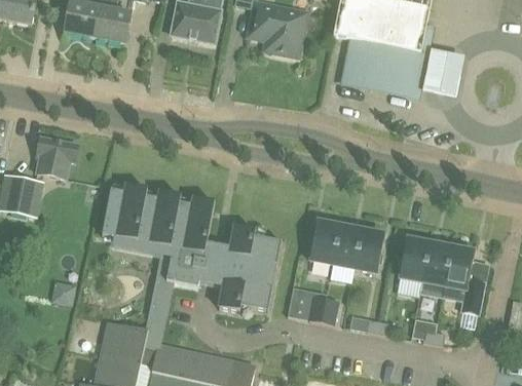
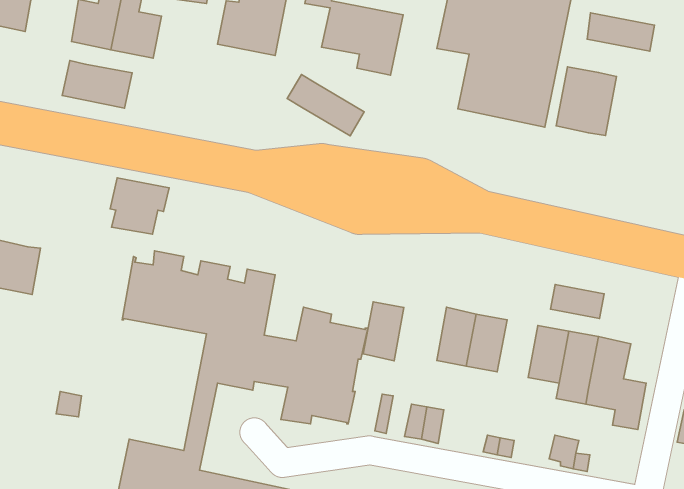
building: none -> [587,13,655,51]
building: none -> [62,60,132,108]
building: none -> [287,74,364,136]
building: [35,137,78,178] -> [110,178,169,234]
building: none -> [550,285,604,319]
building: [309,221,339,264] -> [363,302,404,361]

